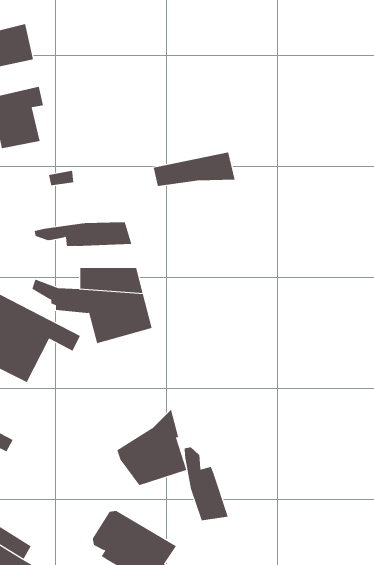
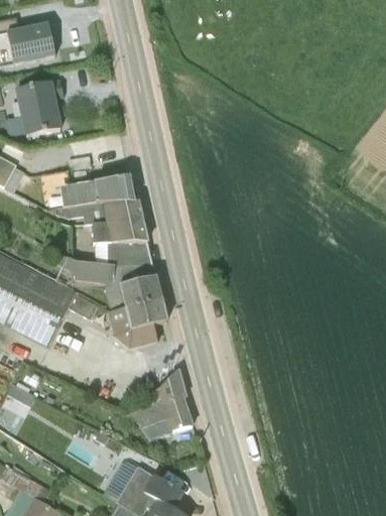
building: [153,152,236,186] -> [59,175,134,207]
building: none -> [92,221,147,242]
building: none -> [107,296,166,348]
building: [184,446,228,521] -> none

